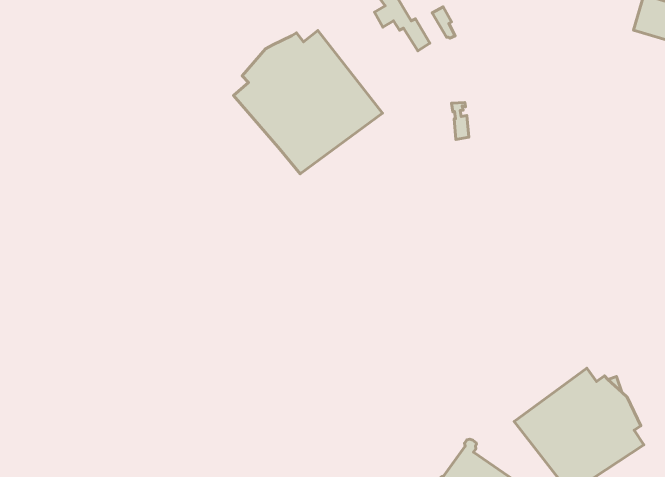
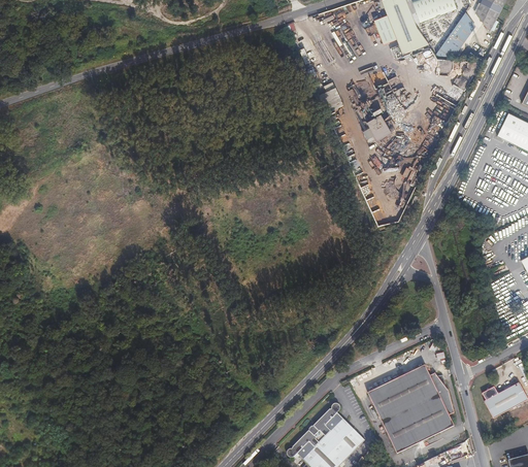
building: [234,30,383,174] -> none

